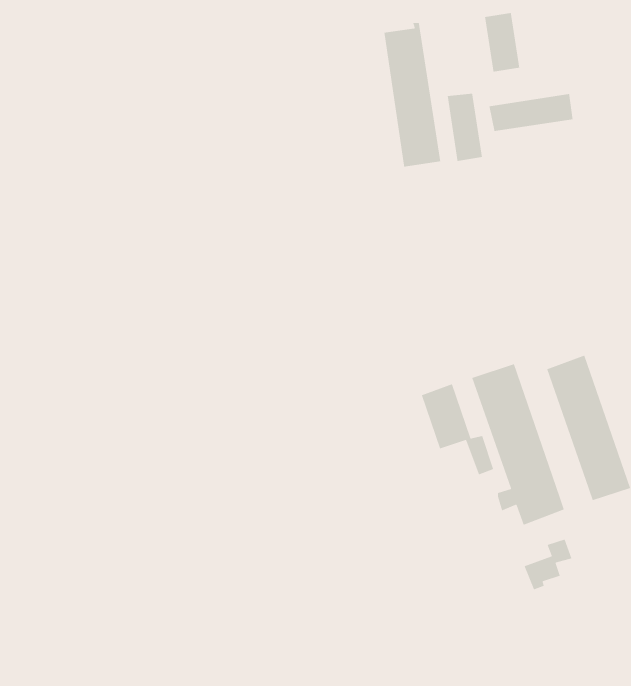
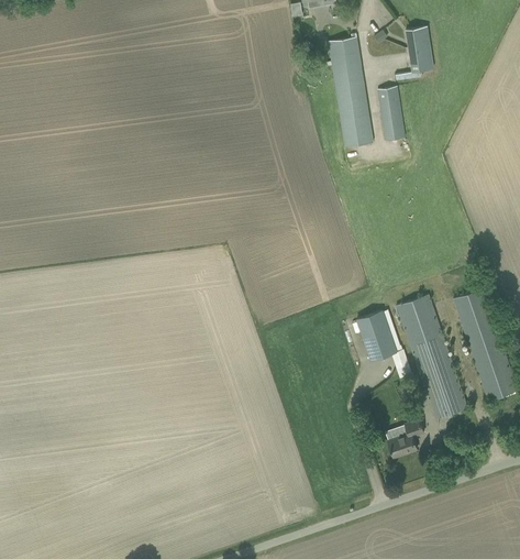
building: [489,93,573,132] -> none
building: [523,539,572,590] -> [387,418,424,458]

